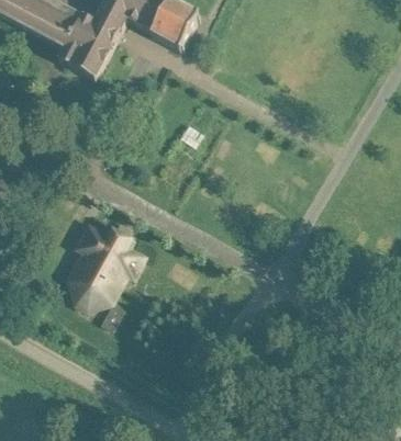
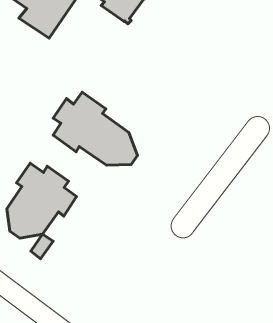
building: none -> [53,92,137,165]

